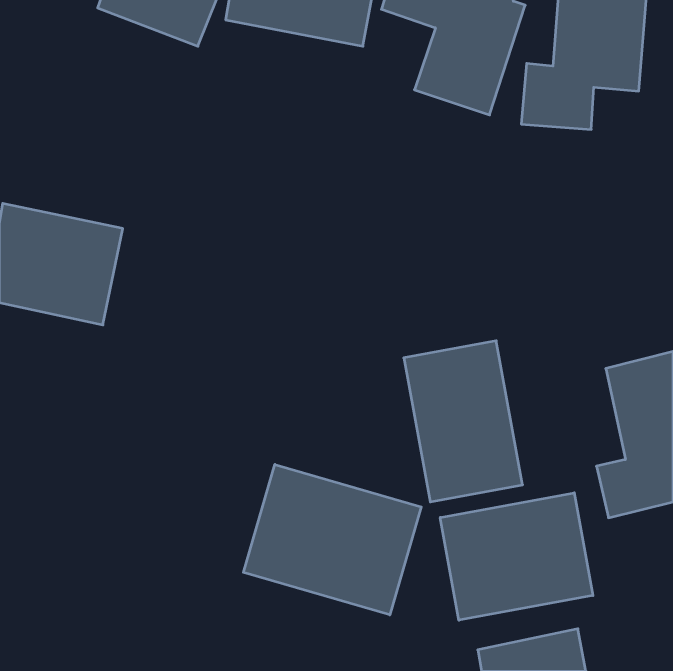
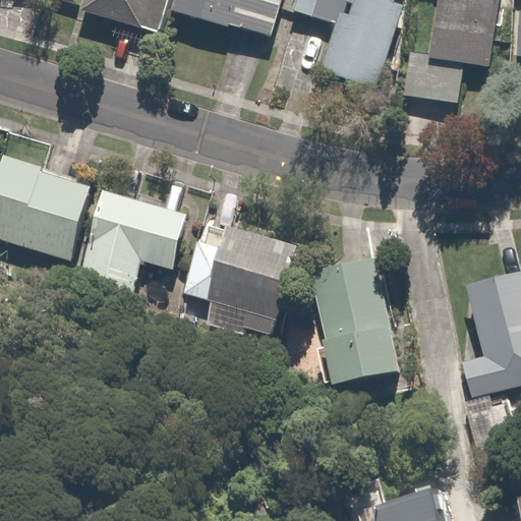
building: none -> [72,190,192,301]
building: none -> [171,216,307,345]
building: [243,464,421,615] -> none
building: [440,493,593,620] -> none

